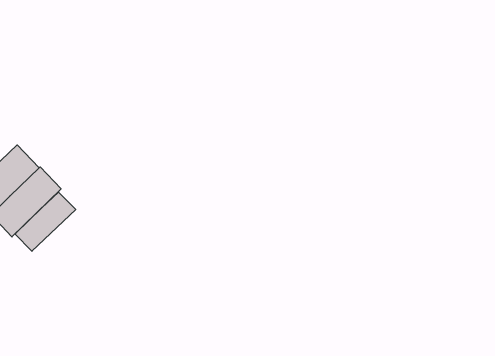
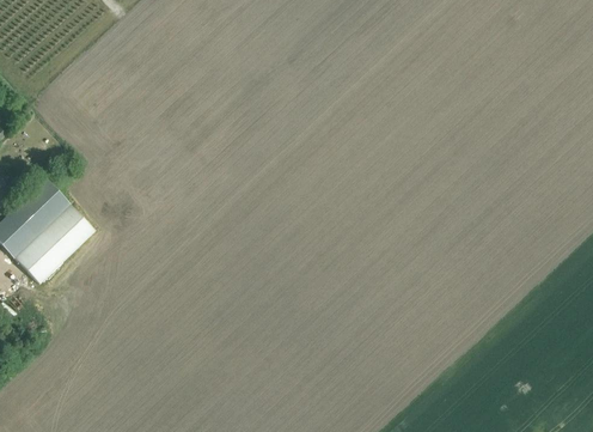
building: [15,192,76,251] -> none

